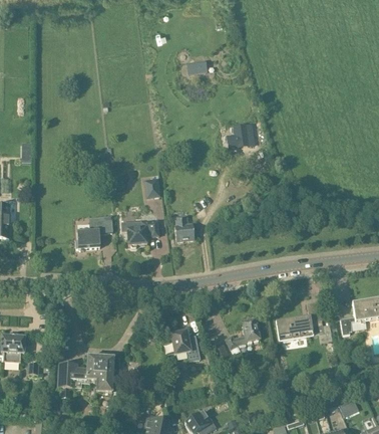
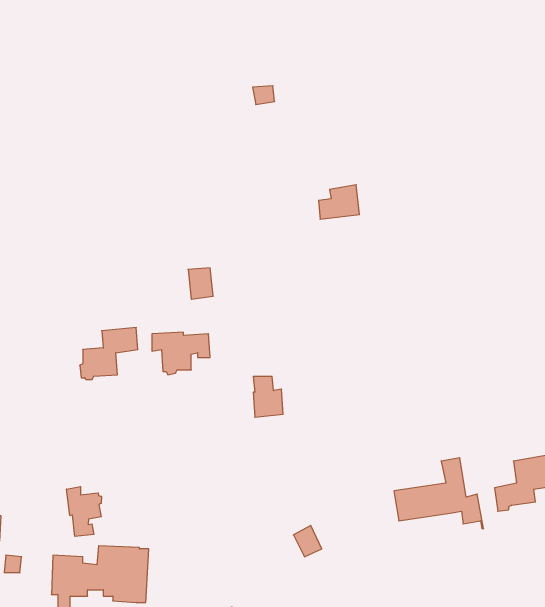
building: [174,216,194,242] -> [253,376,283,417]
building: none -> [67,487,101,536]
building: [226,319,260,349] -> none
building: [164,331,200,361] -> none

